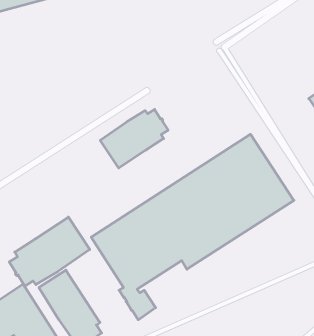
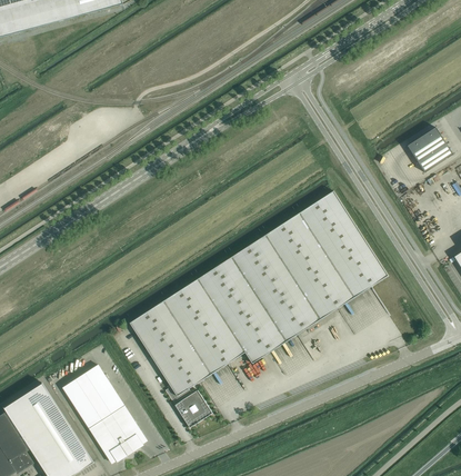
building: [100,109,168,168] -> none
building: [9,217,90,286] -> none

